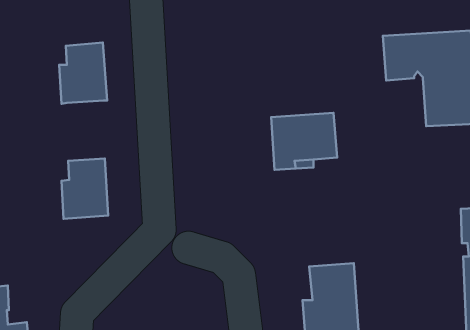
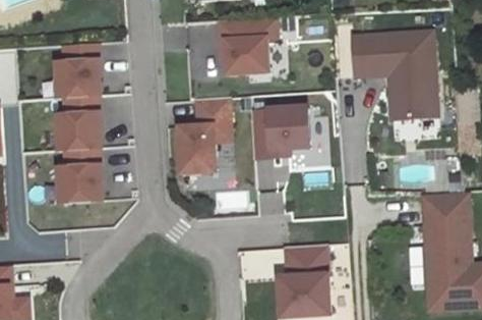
building: none -> [219,17,277,75]
building: none -> [58,96,102,151]
building: none -> [178,97,232,175]

